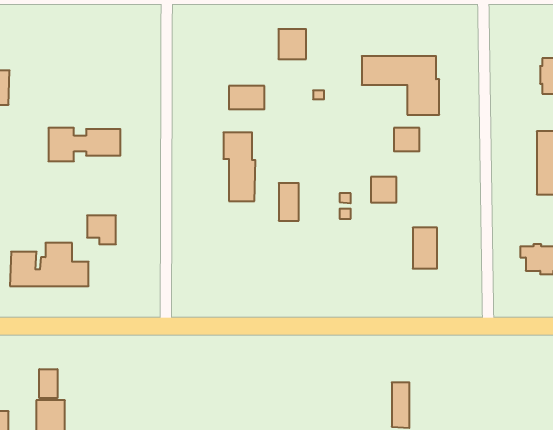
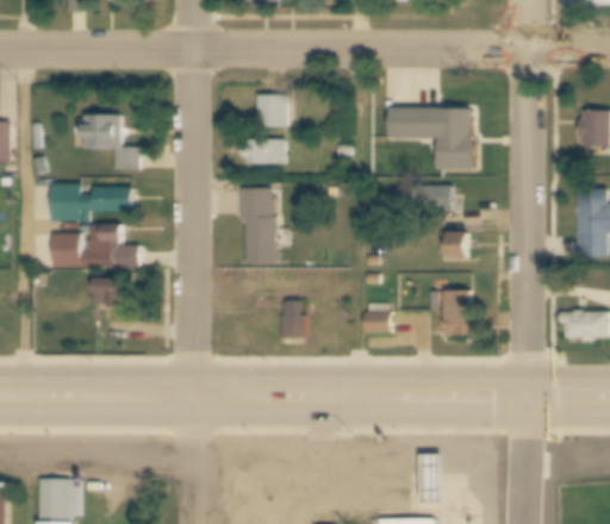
building: [278,29,306,59] -> [257,95,287,127]
building: none -> [79,113,139,170]
building: [371,177,396,202] -> [438,230,466,257]
building: [279,183,299,221] -> [281,299,303,339]
building: [10,243,89,286] -> [52,223,137,269]
building: none -> [366,310,391,333]
building: [39,369,57,398] -> none

